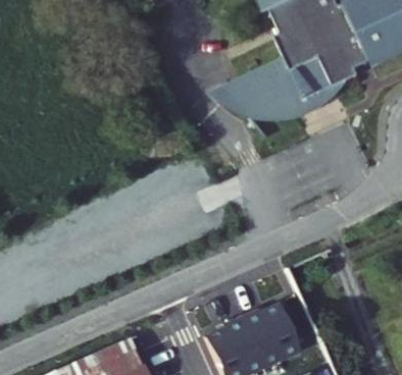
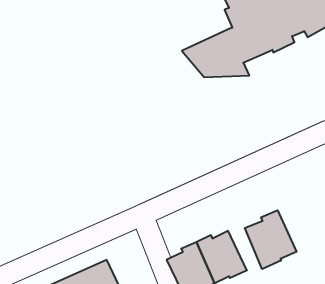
building: none -> [245,210,297,269]

